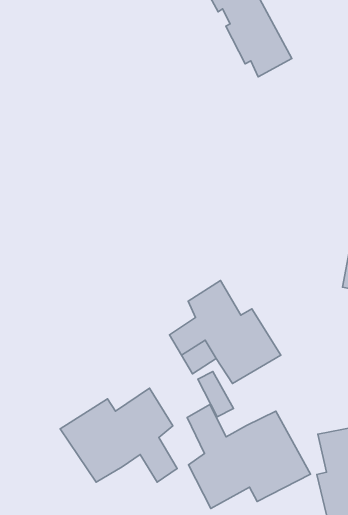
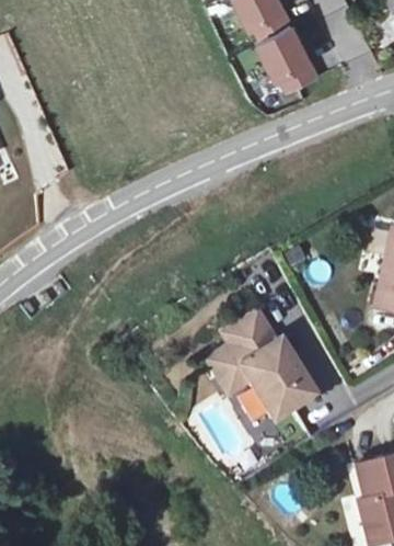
building: [60,388,177,482] -> none
building: [187,405,311,509] -> none

